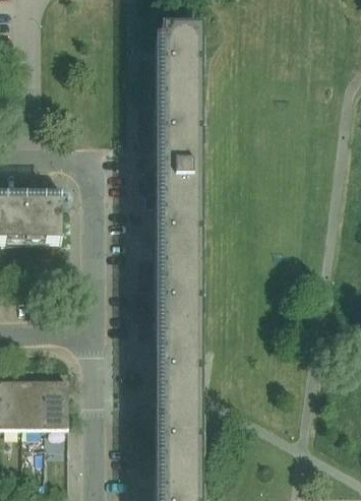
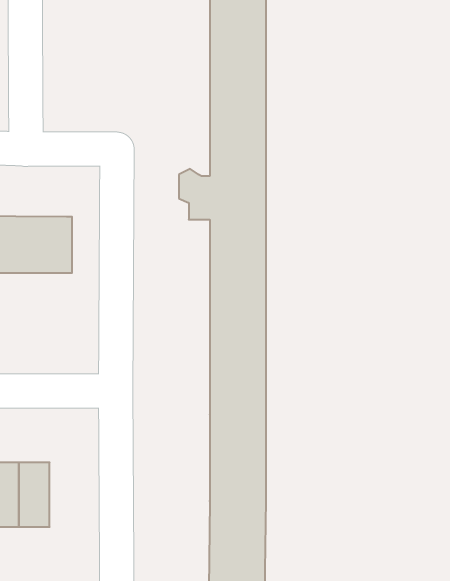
building: [43,378,67,425] -> none

